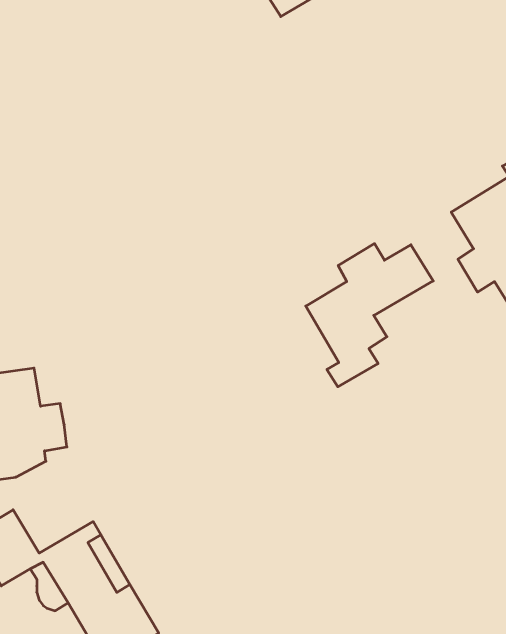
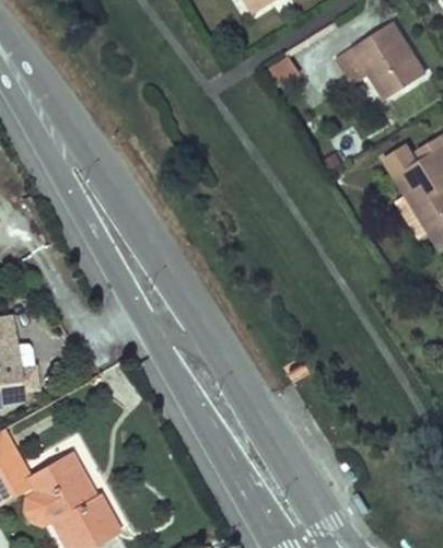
building: none -> [316,26,412,106]
building: [306,244,433,387] -> none

